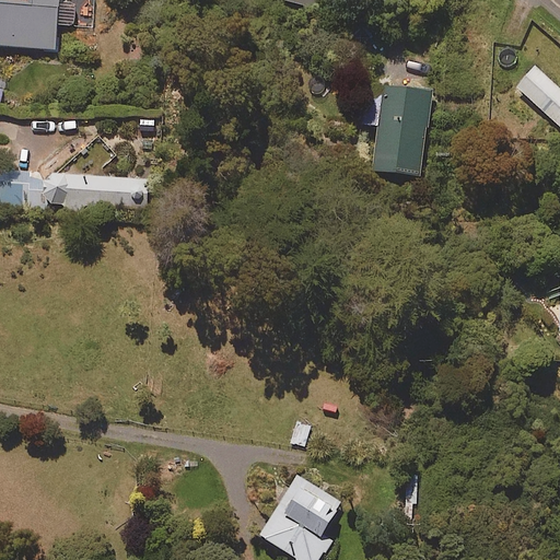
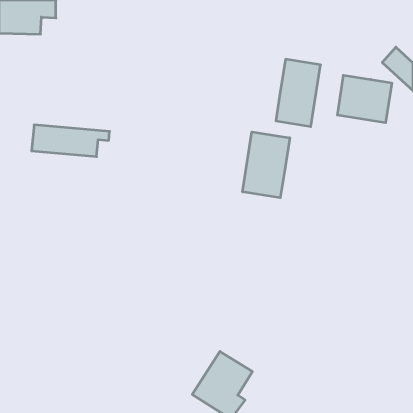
building: none -> [337,75,392,123]
building: none -> [243,132,290,198]

